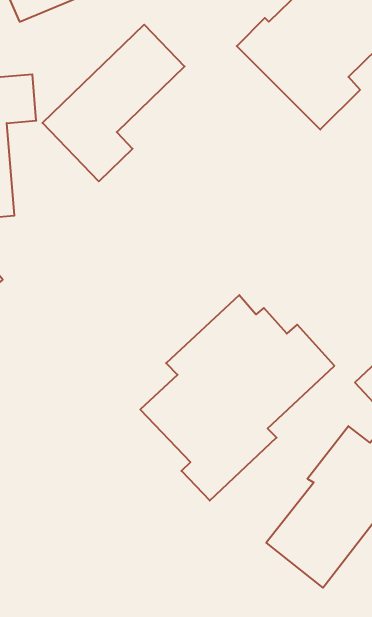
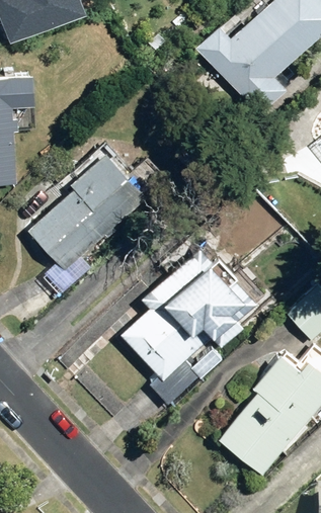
building: [42,25,185,181] -> none
building: none -> [22,145,153,296]

